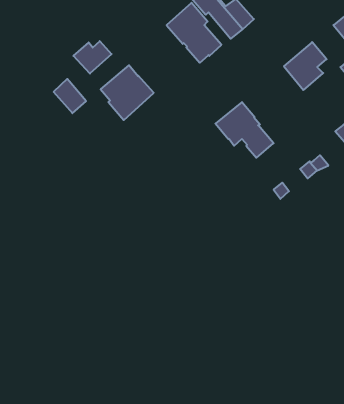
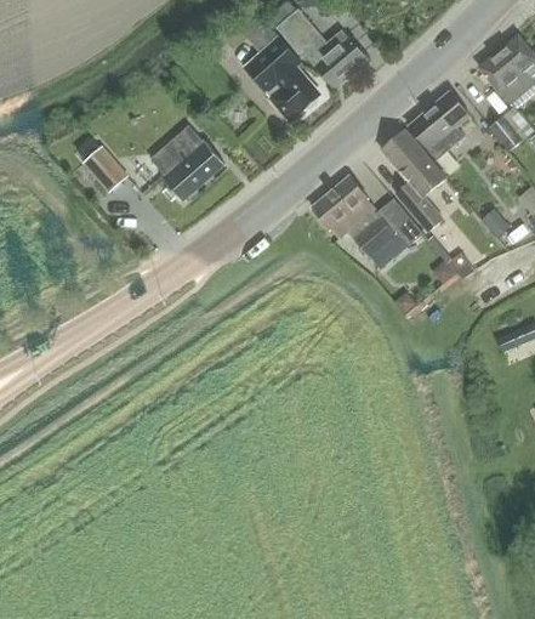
building: [73,41,112,74] -> none
building: none -> [381,129,446,229]
building: none -> [379,198,423,245]

